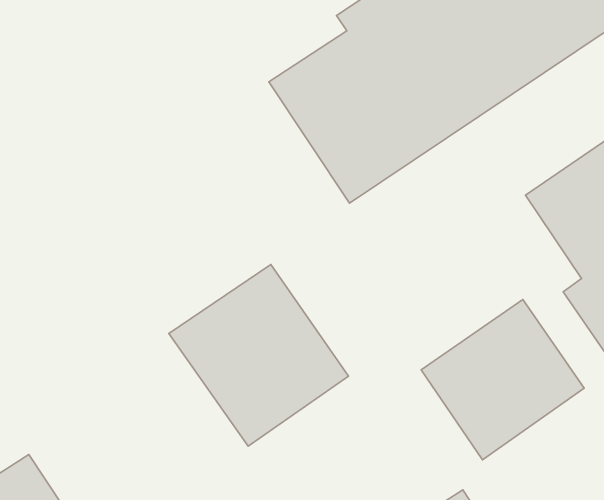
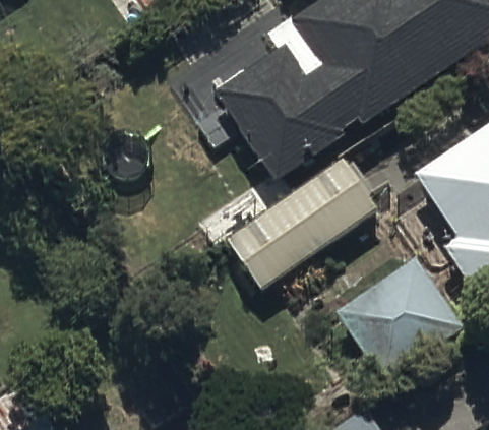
building: none -> [227,156,378,289]
building: [169,264,349,446] -> none

